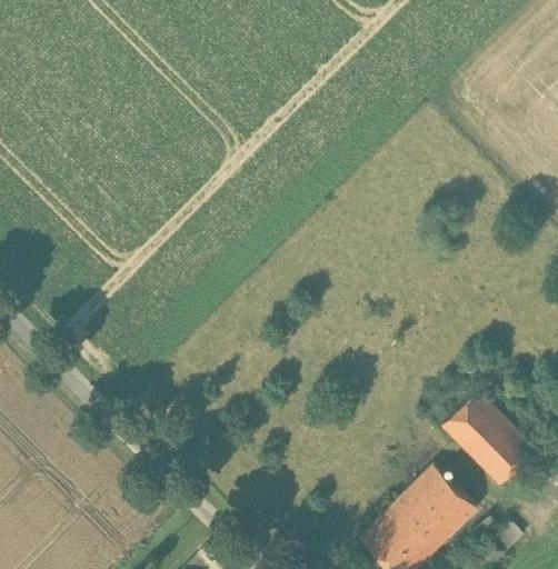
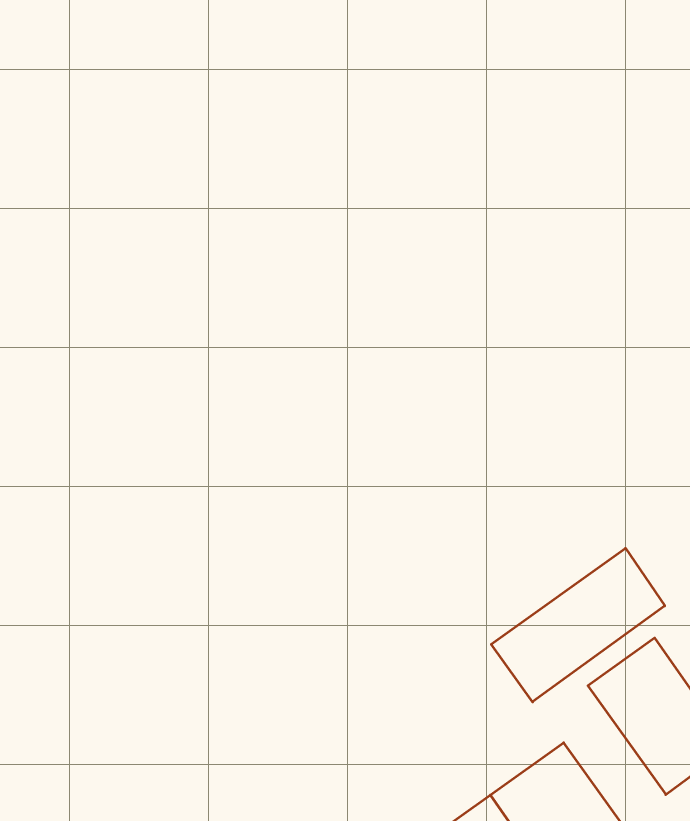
building: none -> [491,548,665,702]

